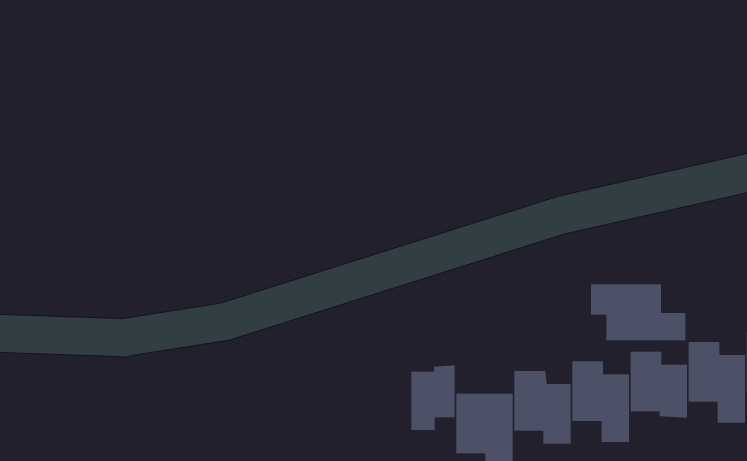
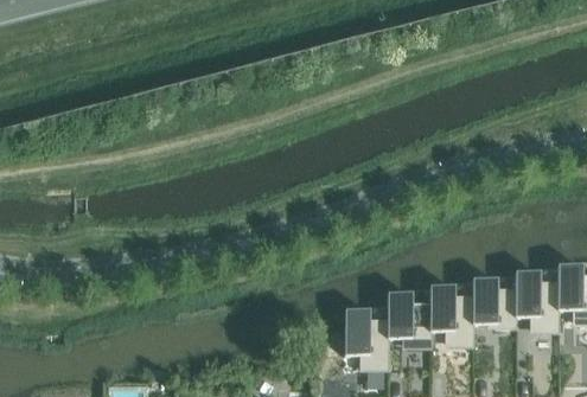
building: [579,283,688,341] -> none
building: [411,341,455,440] -> none

